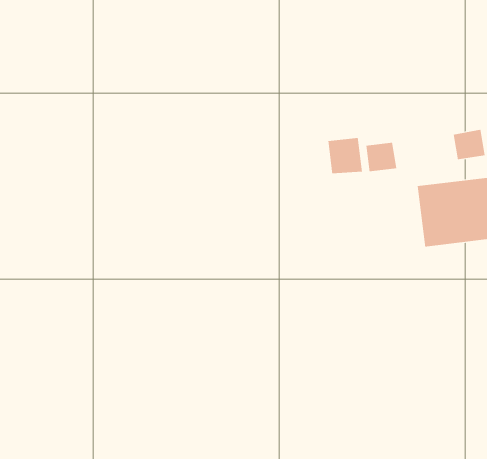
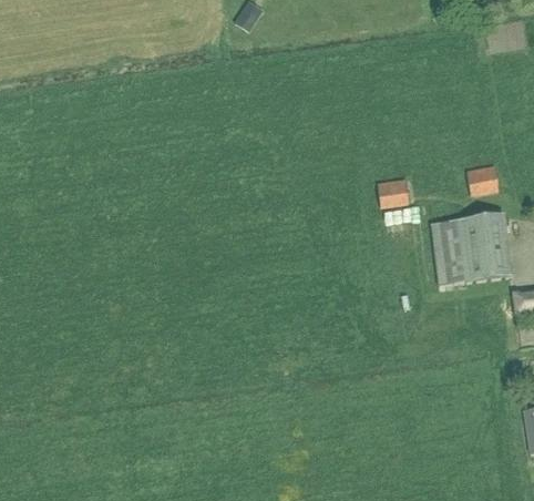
building: [328,137,362,174] -> none

